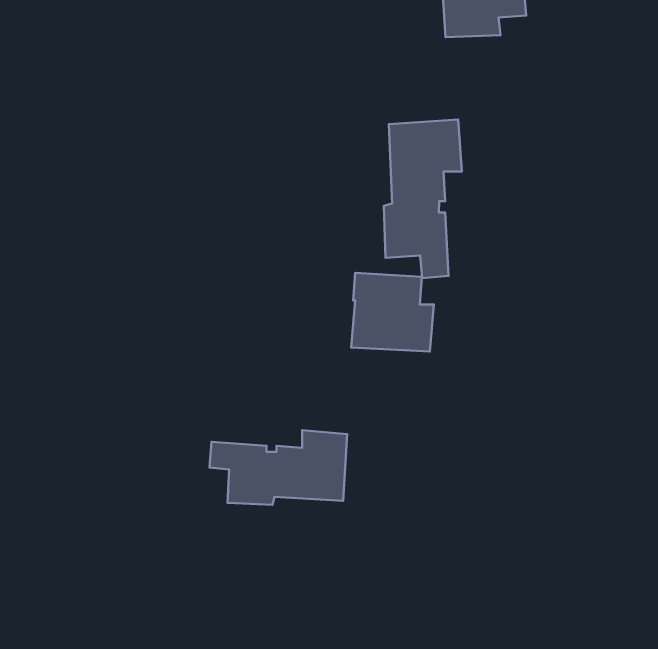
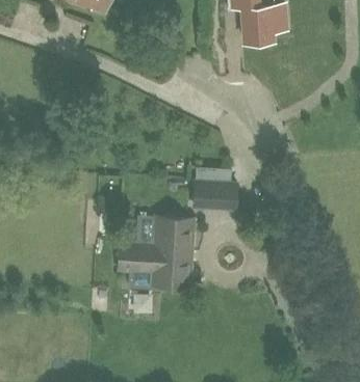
building: [384,119,462,278] -> none
building: none -> [120,216,194,262]

